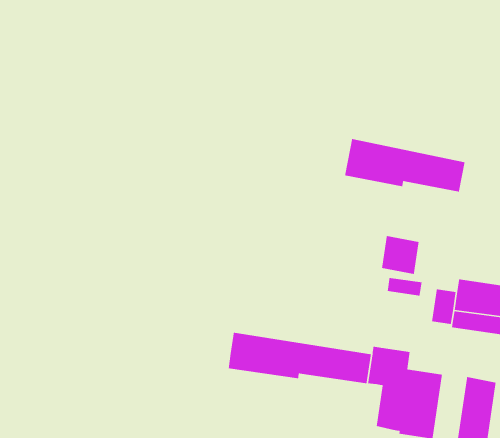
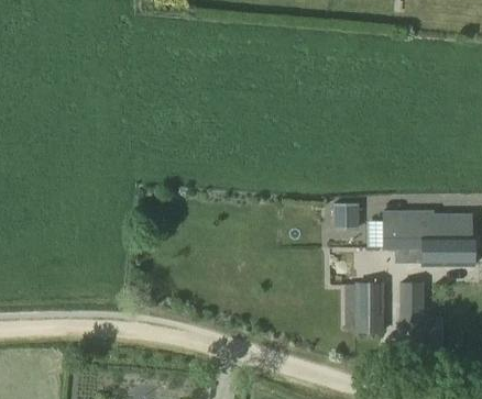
building: [344,138,465,193] -> none
building: [228,332,372,384] -> none

